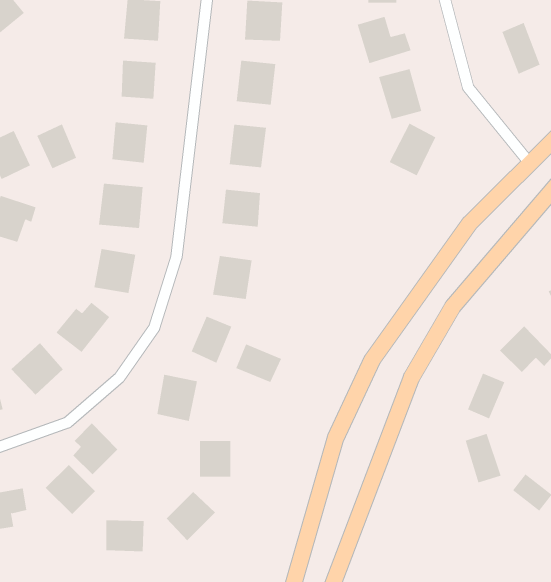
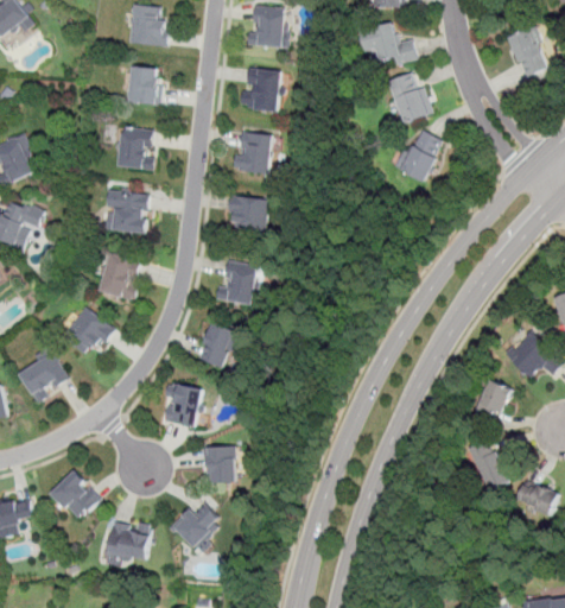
building: [36,123,77,169] -> none
building: [236,343,282,383] -> none
building: [73,423,118,475] -> none

